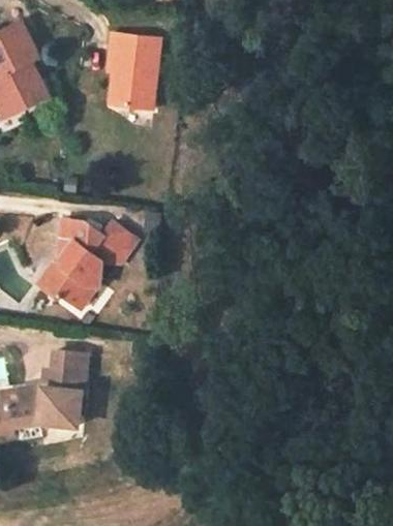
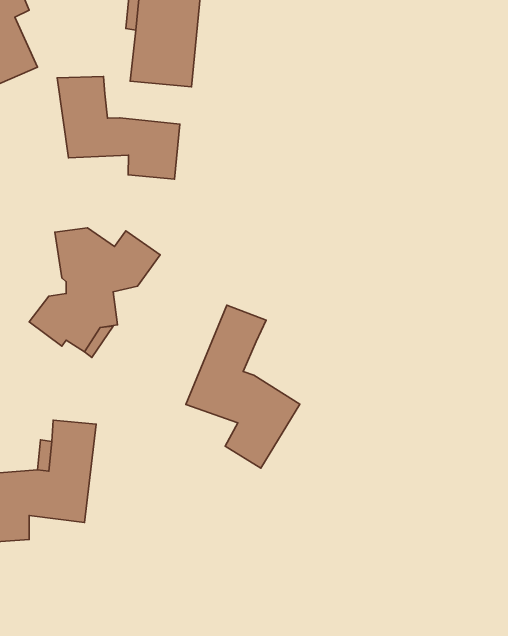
building: none -> [57,76,180,179]
building: none -> [186,305,300,468]

